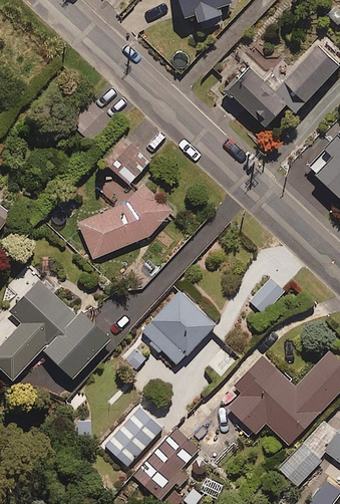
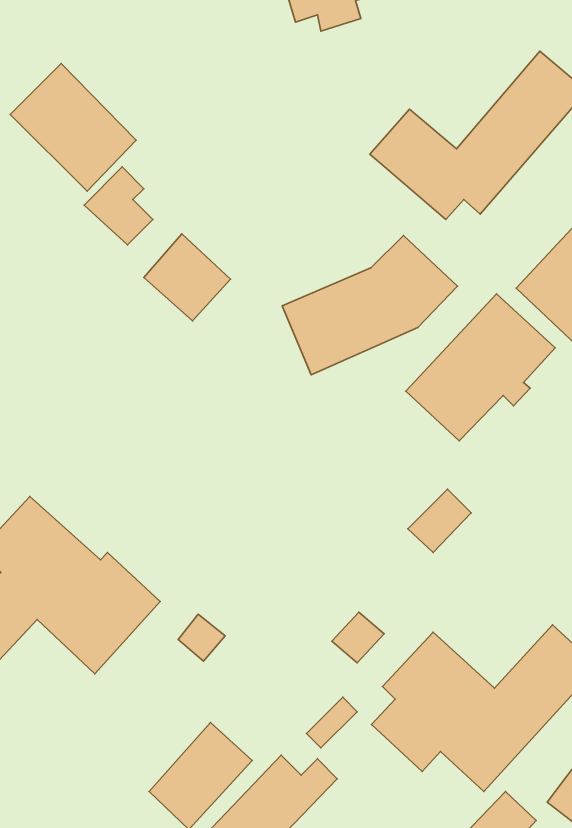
building: none -> [10,63,136,191]
building: none -> [406,294,555,441]
building: [76,183,174,260] -> [282,235,458,375]
building: [139,289,216,365] -> none

